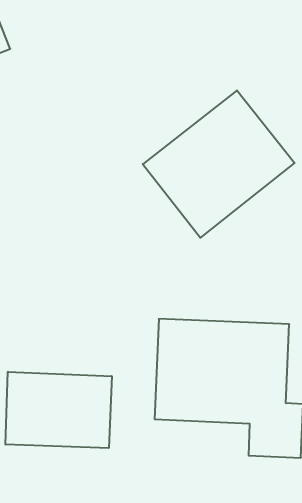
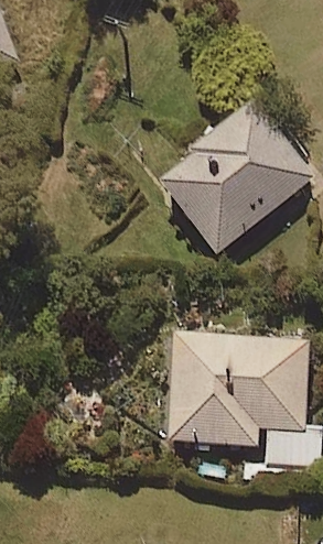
building: [6,372,112,448] -> none

